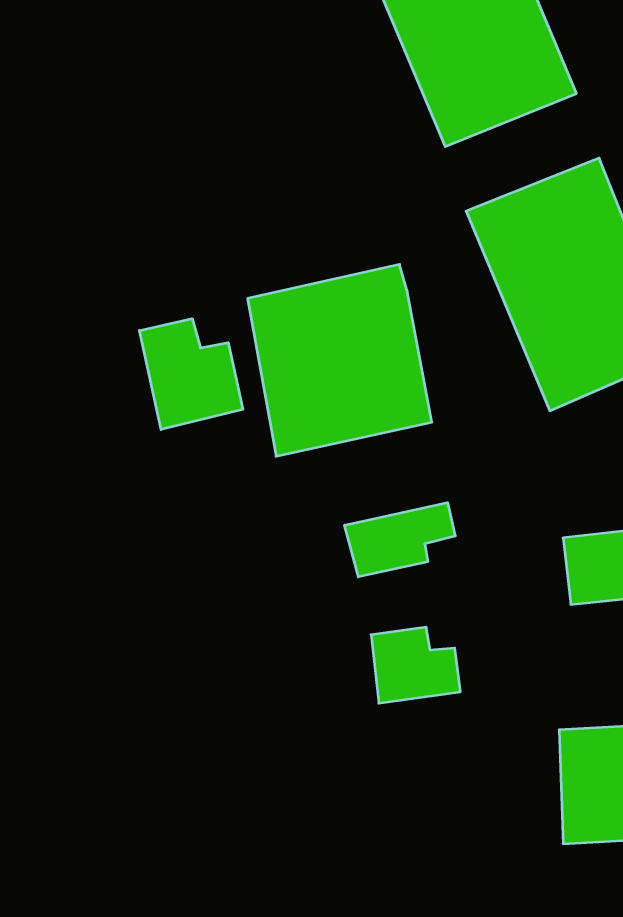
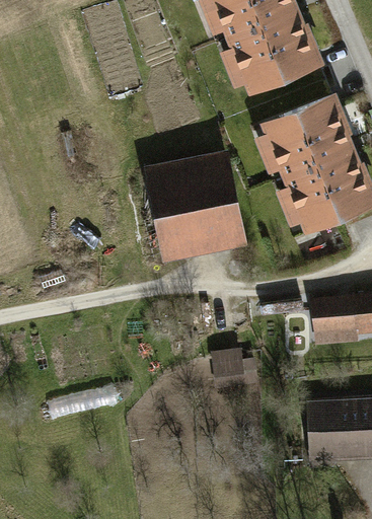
building: [139,319,243,430] -> none
building: [345,503,455,577] -> none

